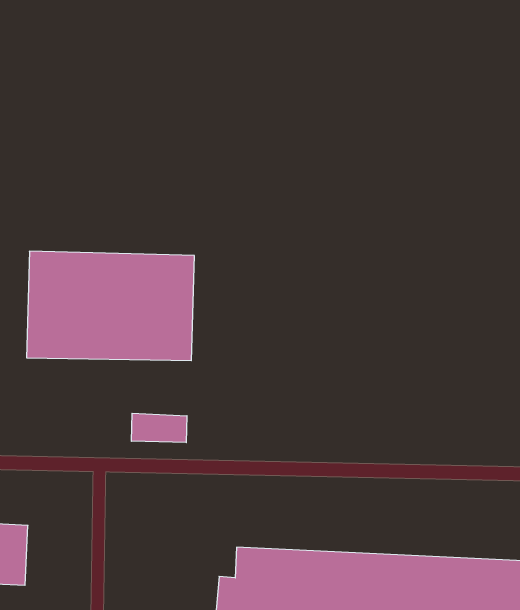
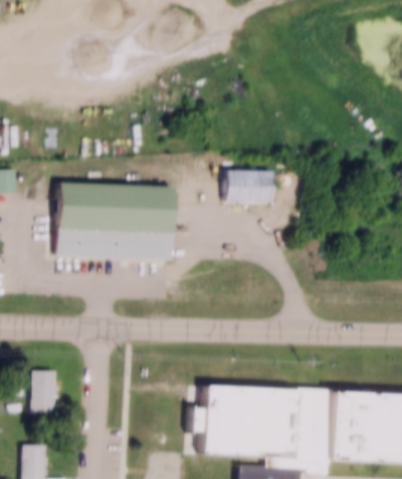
building: none -> [225,170,270,199]
building: [131,413,187,443] -> none

